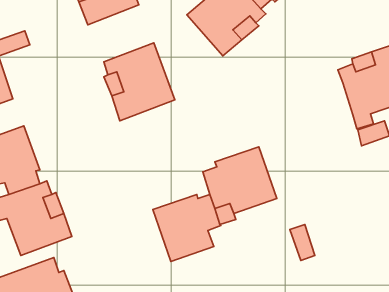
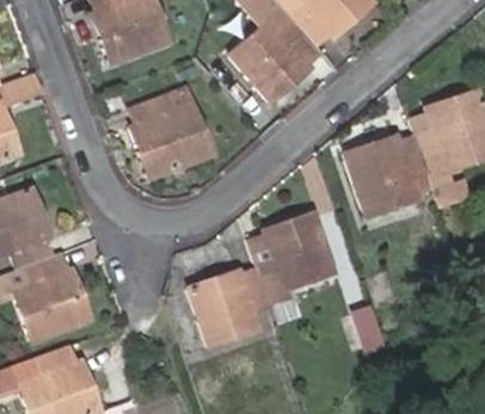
building: none -> [344,134,426,218]

